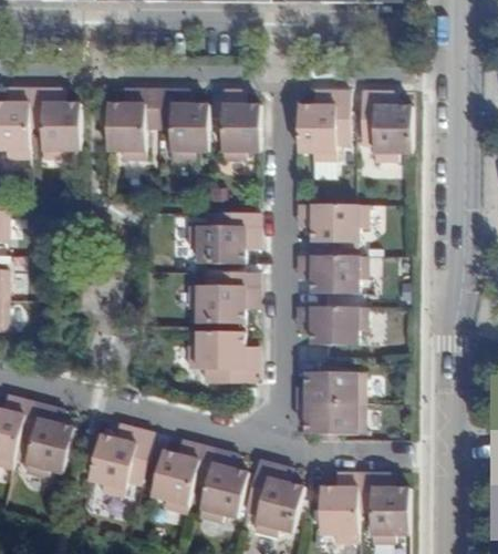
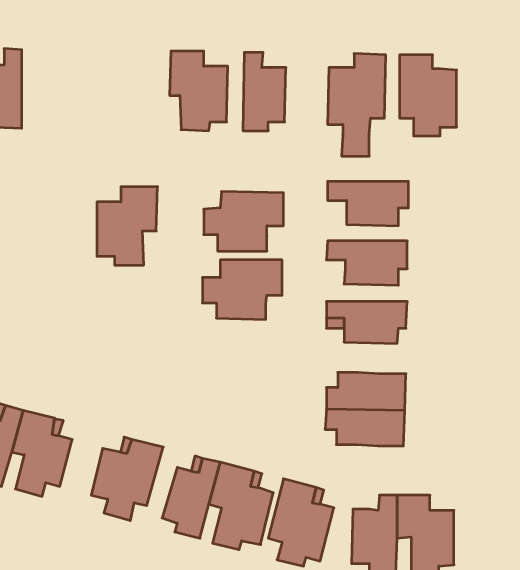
building: [30,86,80,155] -> none
building: [107,88,160,156] -> [97,187,158,265]
building: [187,330,257,383] -> none

